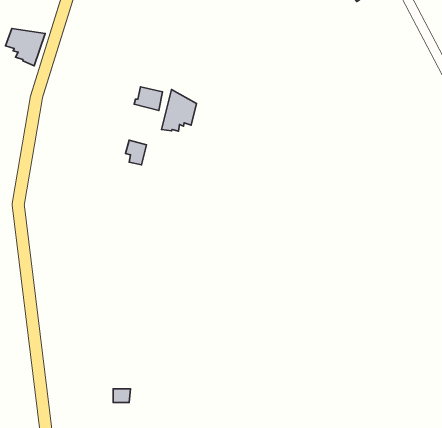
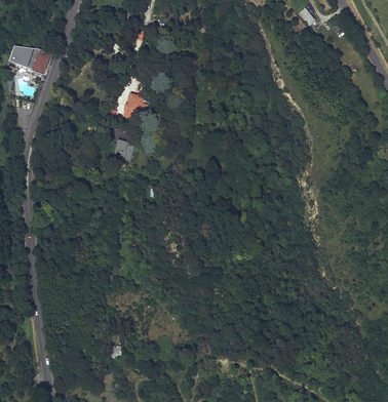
building: [161,90,197,131] -> none

